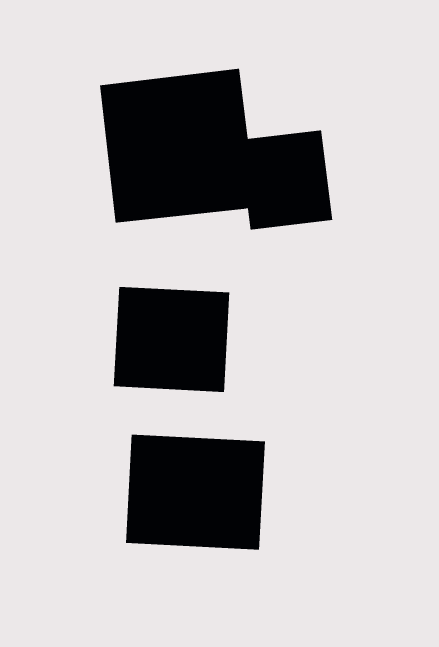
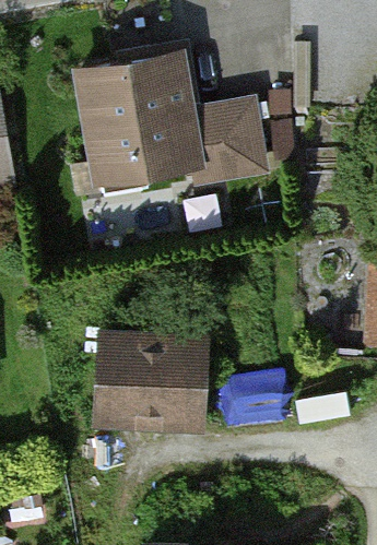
building: [113,286,230,393] -> none

